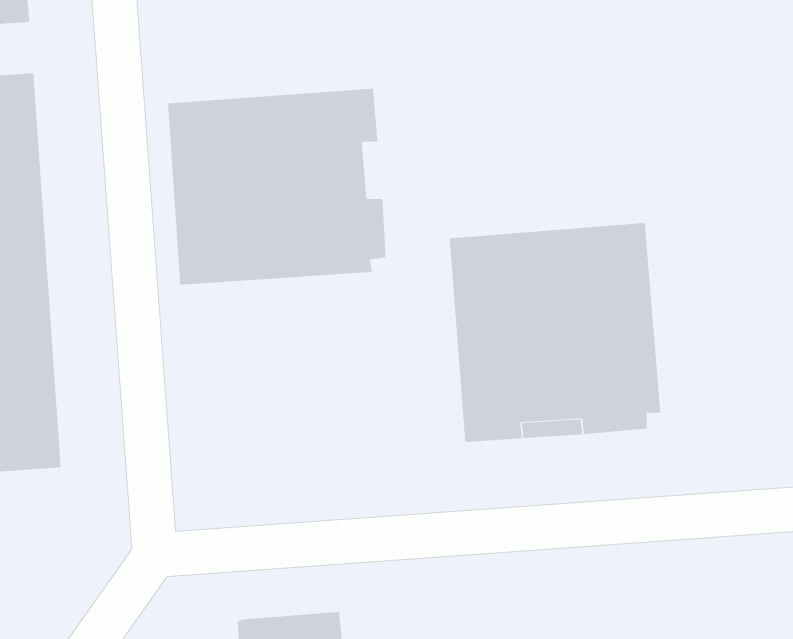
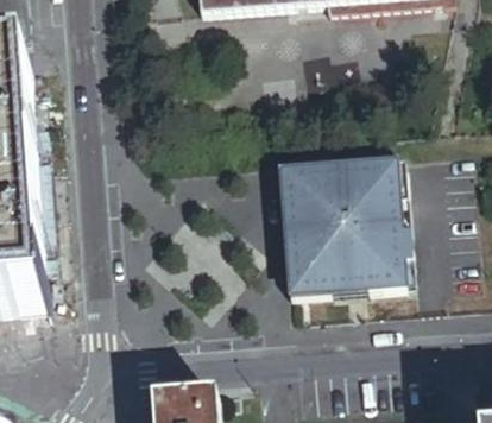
building: [167,88,386,285] -> none

